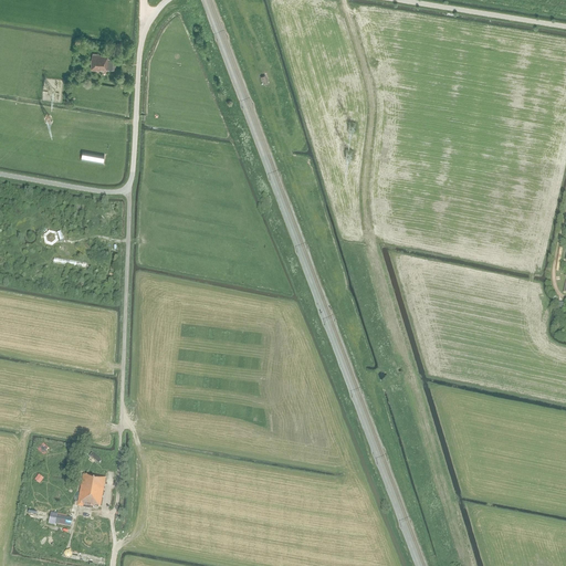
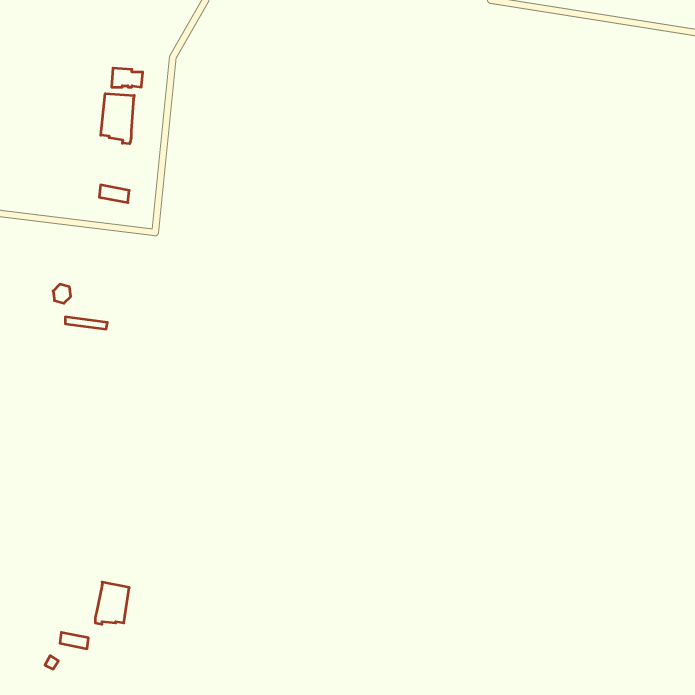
building: none -> [101,94,134,144]

